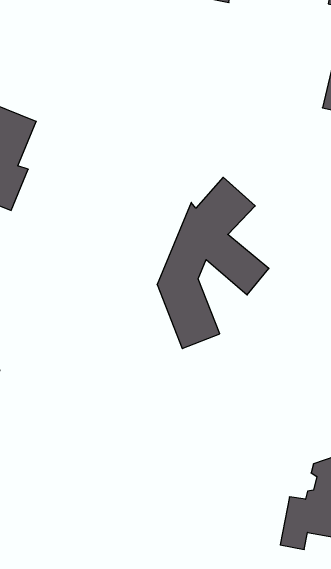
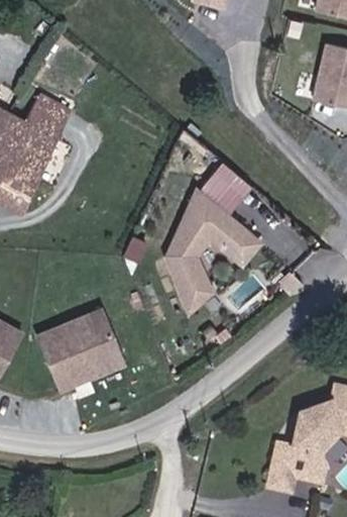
building: none -> [35,309,124,392]

